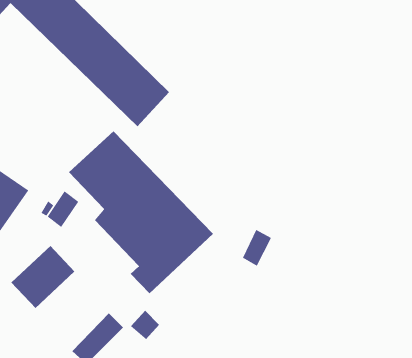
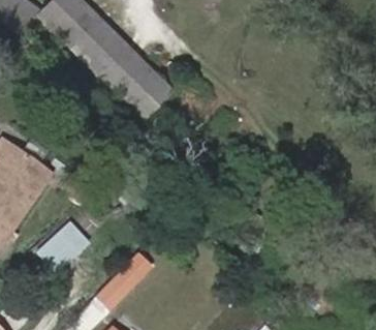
building: [68,130,214,294] -> none

